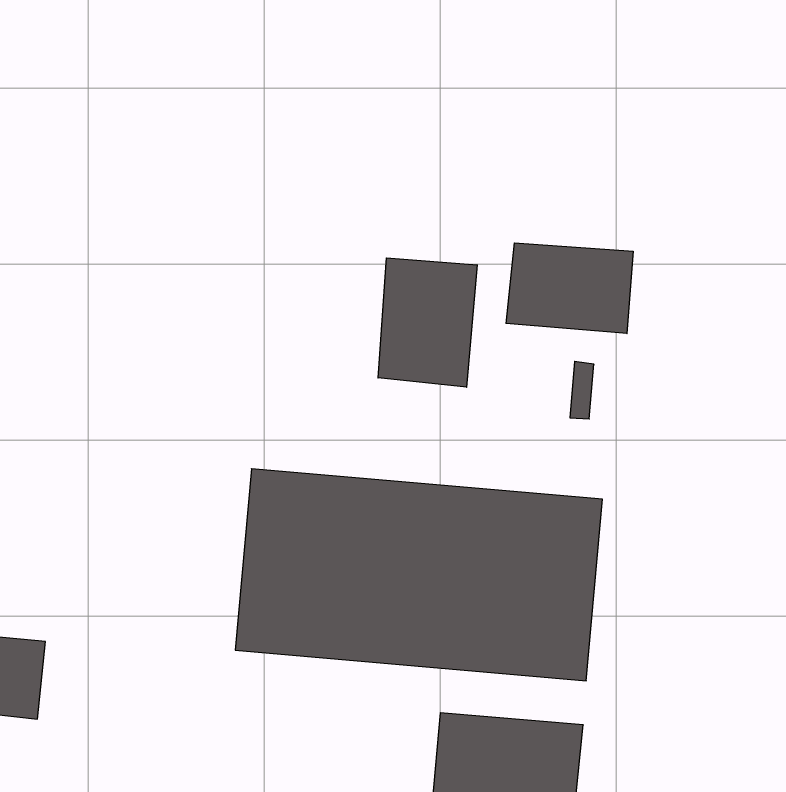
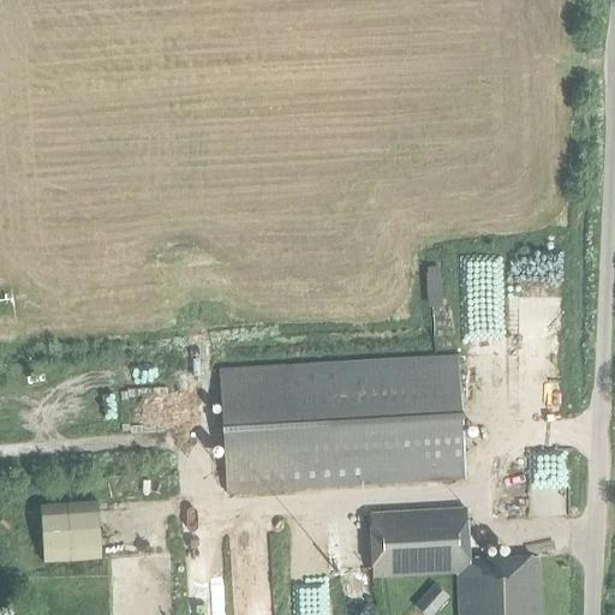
building: [506,243,633,334] -> none
building: [378,258,477,387] -> none

